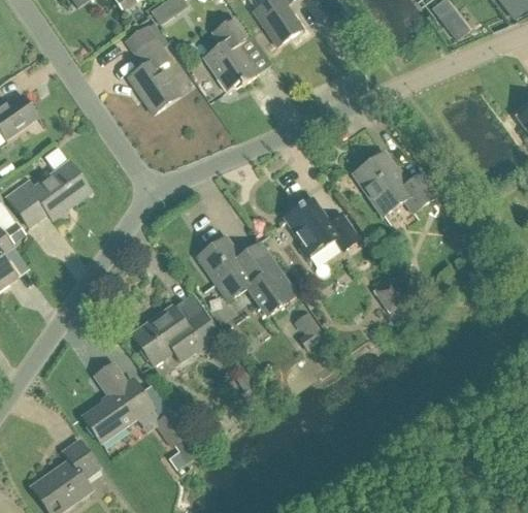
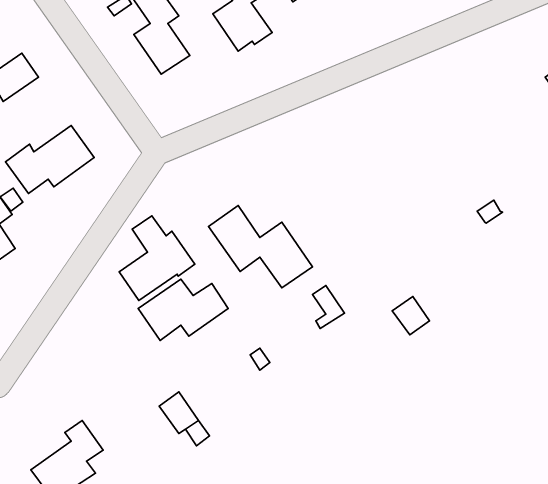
building: [353,151,437,215] -> none
building: [286,196,359,252] -> none
building: [372,277,407,313] -> [392,297,429,335]
building: [82,362,154,442] -> [119,216,195,300]

